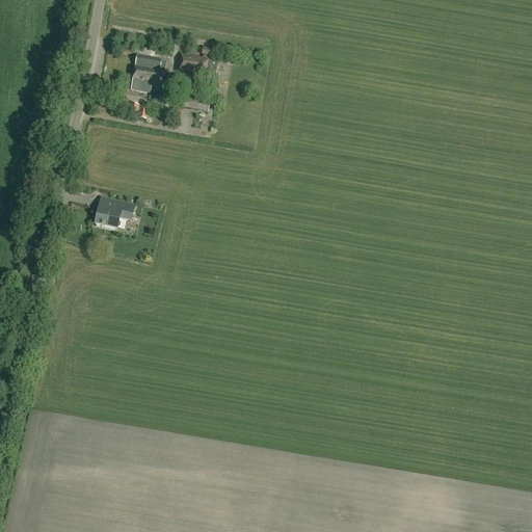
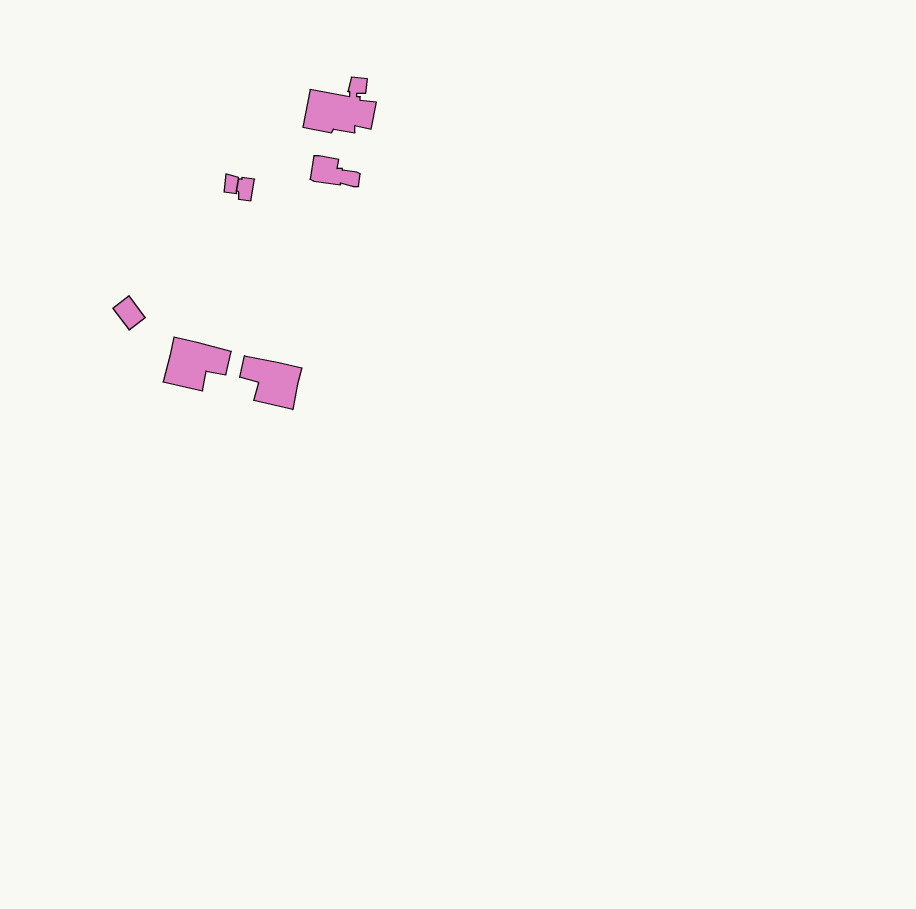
building: [131,54,166,89] -> none
building: none -> [240,356,302,410]

